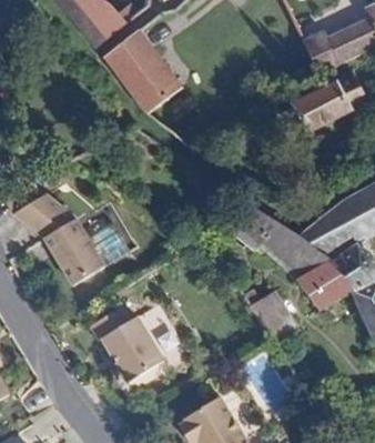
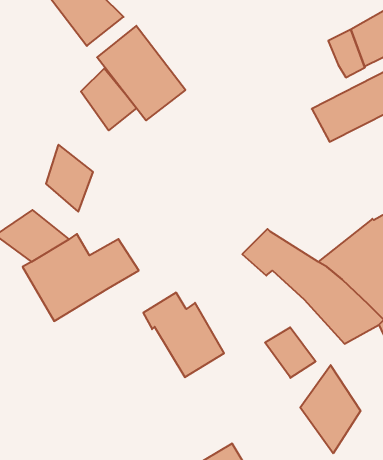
building: none -> [81,68,137,130]
building: none -> [46,145,93,212]
building: [90,306,161,381] -> [143,293,224,377]
building: none -> [300,365,360,453]

